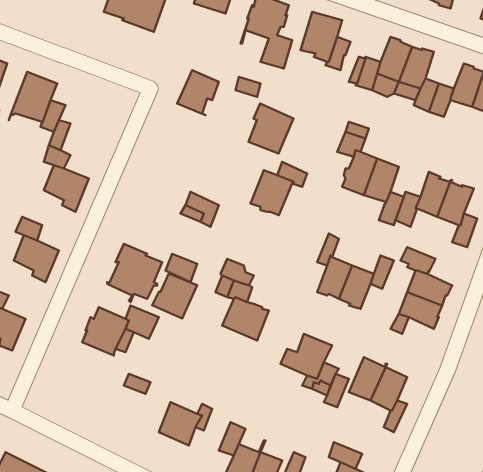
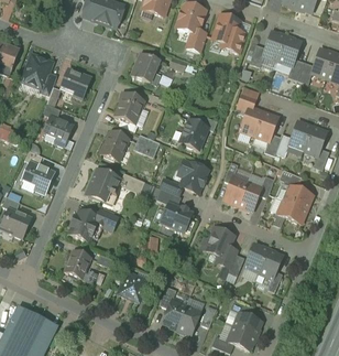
building: none -> [61,68,91,98]
building: [248,104,293,154] -> [114,90,144,123]
building: none -> [179,160,207,193]
building: [152,274,197,319] -> [99,131,129,161]
building: none -> [64,249,98,284]

